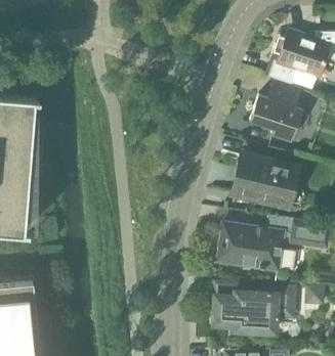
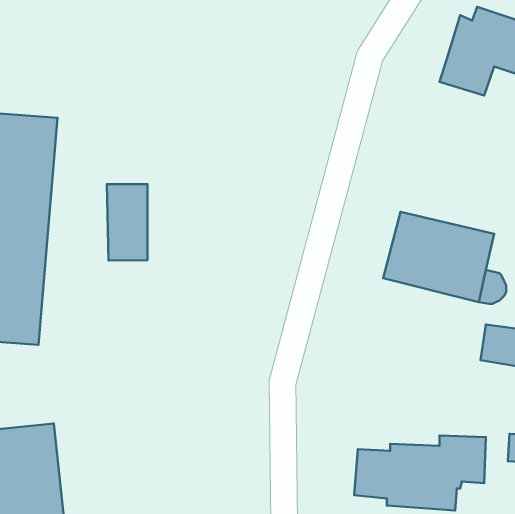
building: [250,82,301,142] -> none
building: none -> [107,184,147,260]
building: [217,224,284,271] -> none

